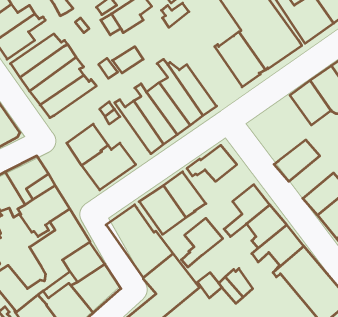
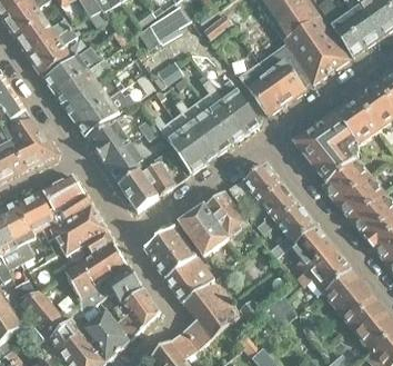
building: none -> [238,60,285,116]
building: none -> [292,111,357,180]
building: none -> [87,115,130,161]
building: none -> [334,175,381,219]
building: [181,218,223,267] -> [254,184,298,235]

